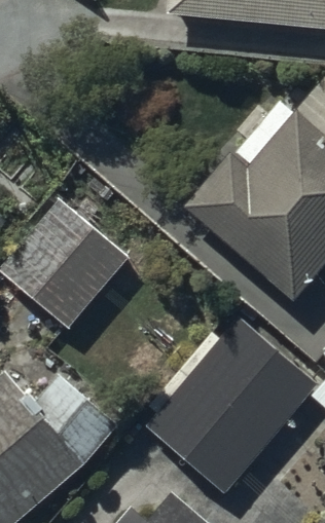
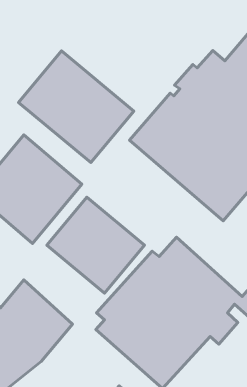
building: none -> [19,51,134,162]
building: none -> [47,197,145,293]

